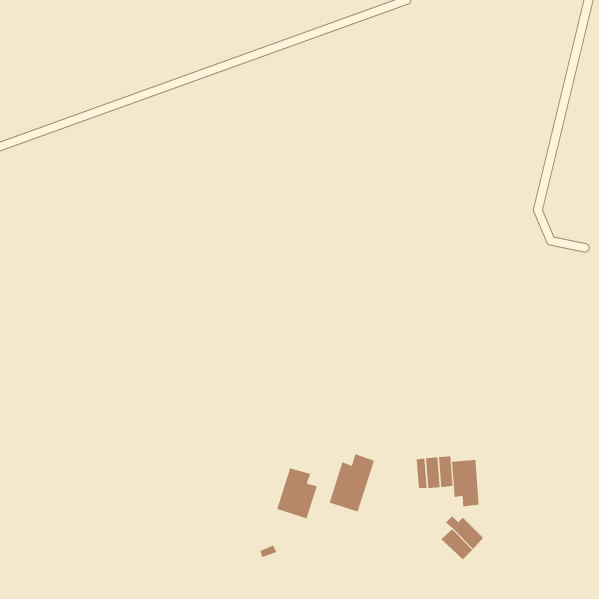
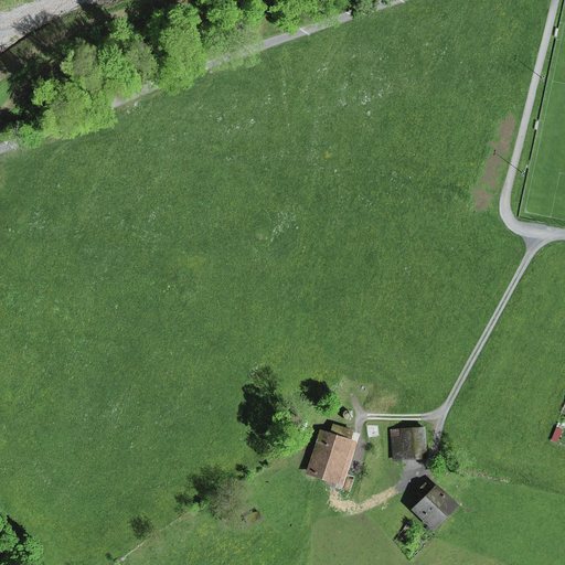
building: [452,459,479,507] -> none
building: [276,467,318,519] -> none

